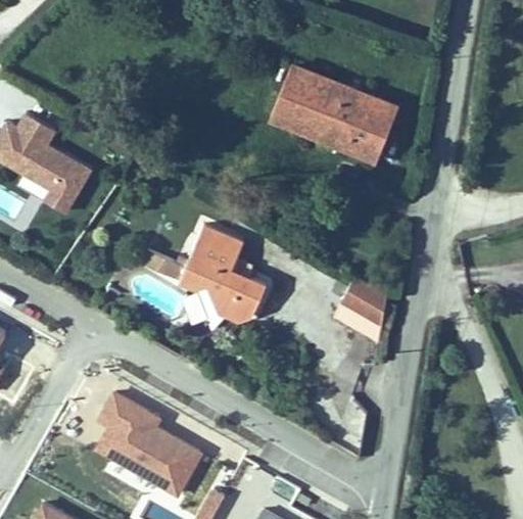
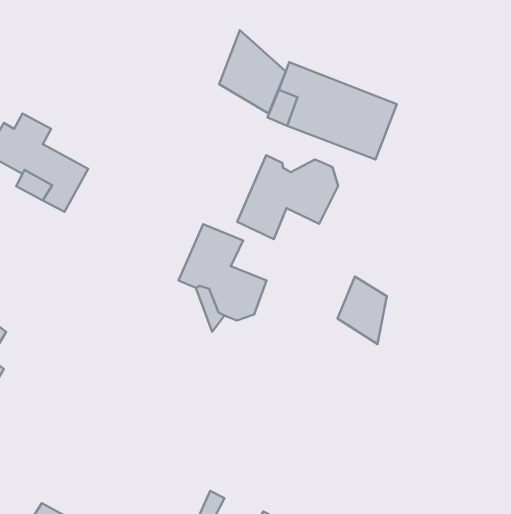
building: none -> [219,30,286,114]
building: none -> [237,155,338,239]
building: [96,393,205,499] -> none

